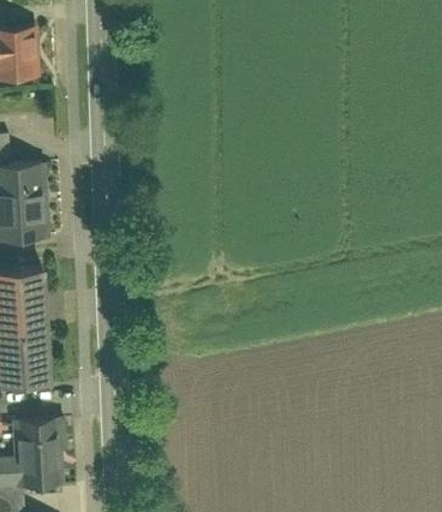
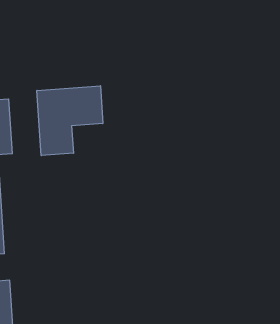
building: none -> [37,86,103,156]

